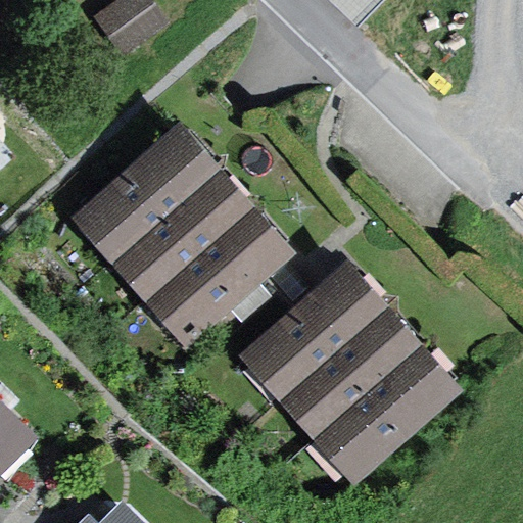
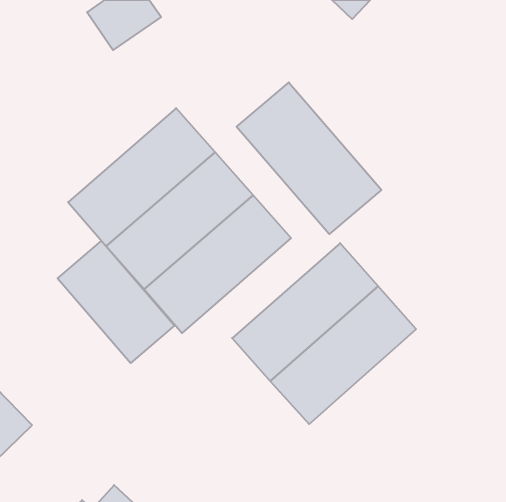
building: none -> [237,82,381,234]
building: none -> [58,241,174,363]
building: [316,345,464,486] -> none

